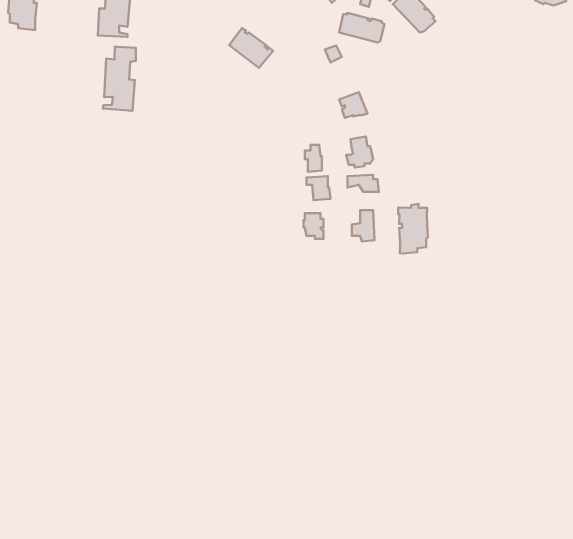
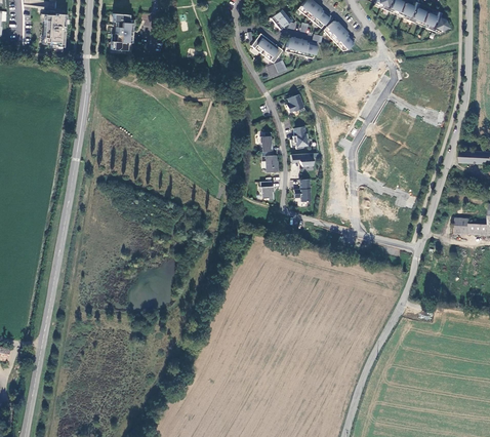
building: [229,28,273,68] -> [251,33,283,62]
building: [103,46,136,111] -> none
building: [398,204,428,253] -> none

